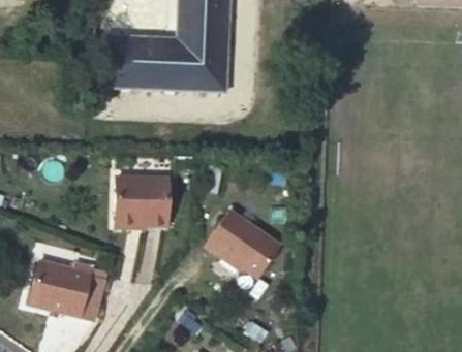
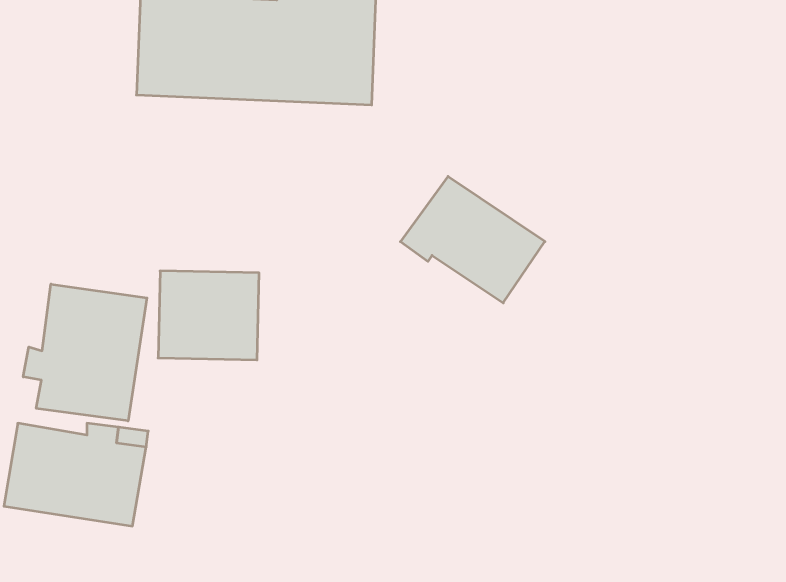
building: none -> [23,284,147,421]
building: [206,211,281,277] -> [400,176,545,303]

